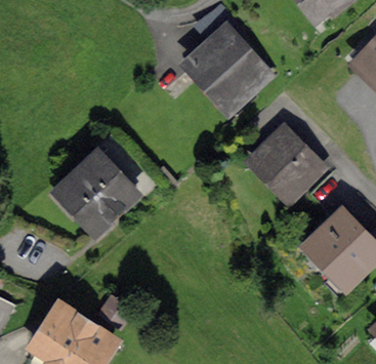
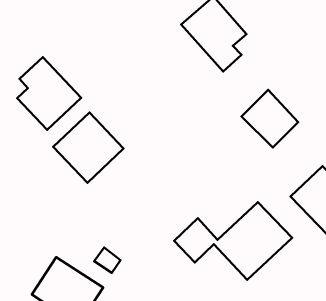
building: none -> [17,57,81,130]
building: none -> [174,202,292,280]

